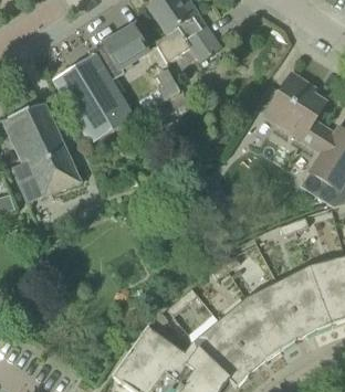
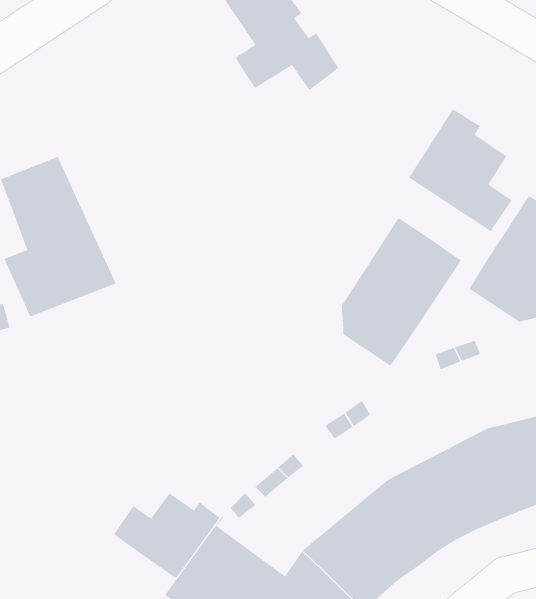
building: [52,23,184,141] -> none
building: none -> [341,217,462,366]
building: none -> [113,493,220,579]

